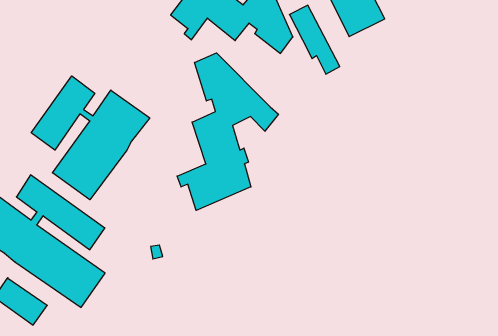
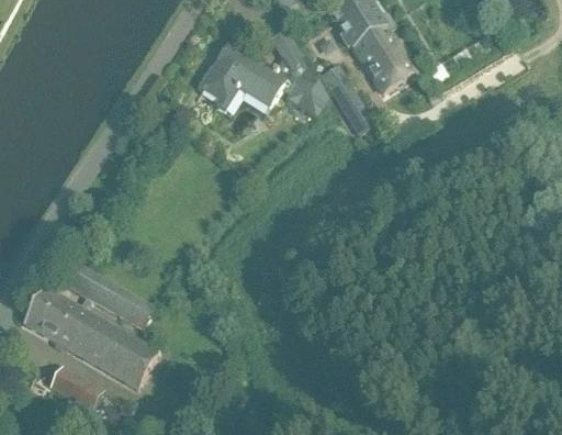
building: [177,53,278,210] -> none
building: [31,76,150,200] -> none

